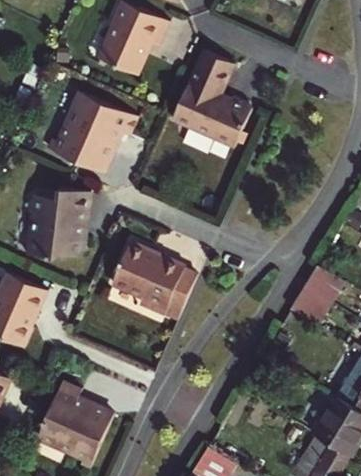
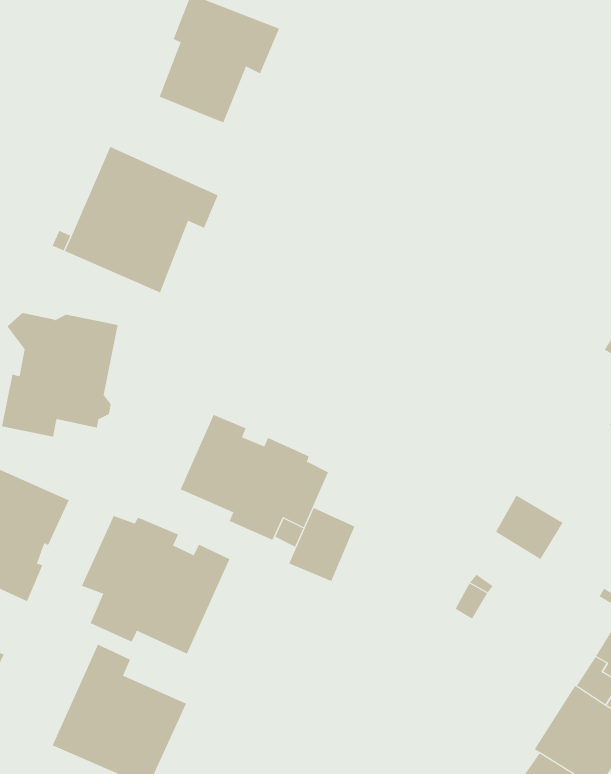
building: [172,50,251,148] -> none
building: [304,266,344,304] -> none
building: none -> [288,507,355,582]
building: none -> [81,515,230,655]

